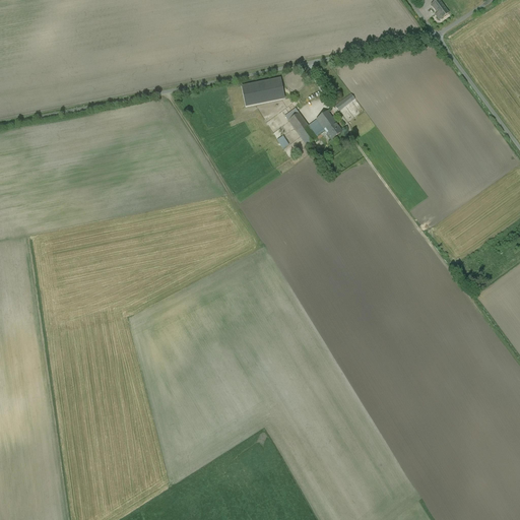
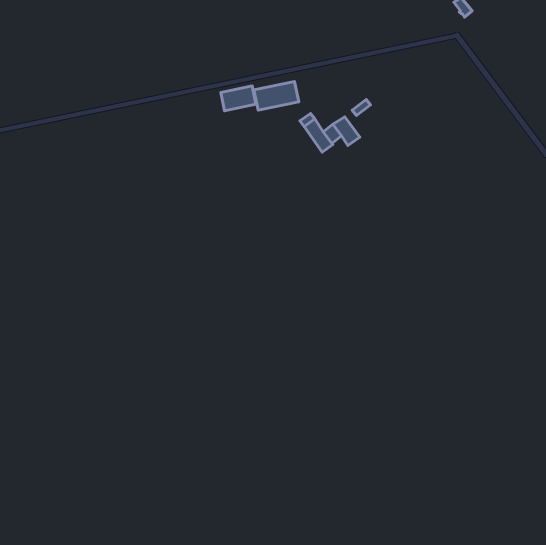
building: none -> [221,86,256,111]

